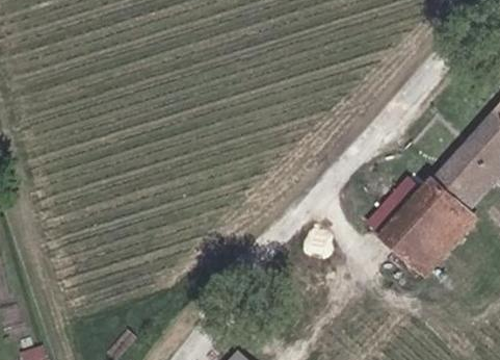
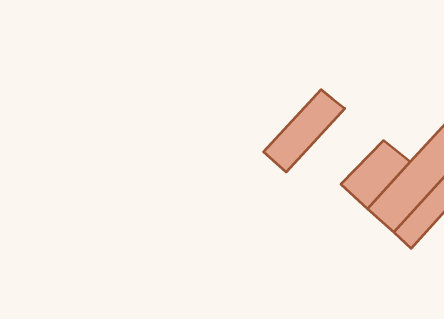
building: none -> [264,90,345,172]

